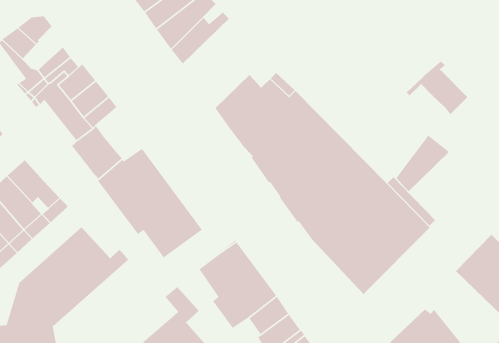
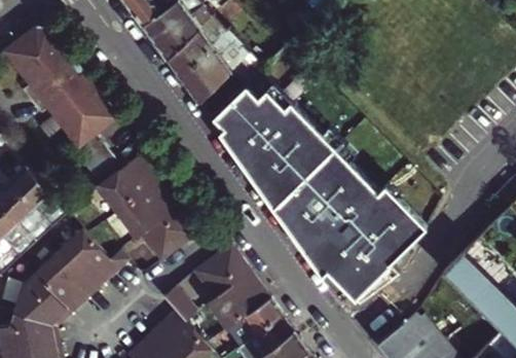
building: none -> [178,32,246,103]
building: none -> [24,39,66,81]
building: [406,61,468,115] -> none
building: [396,134,450,192] -> none

